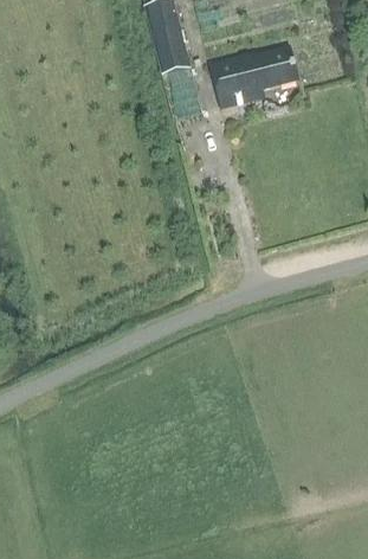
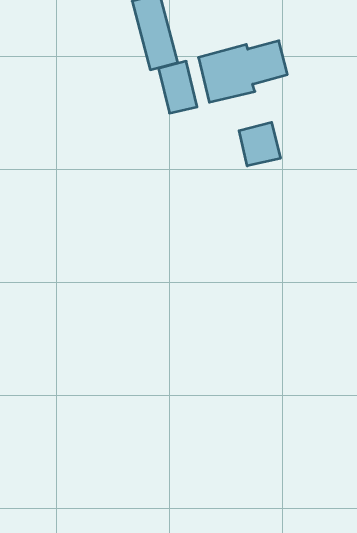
building: none -> [239,122,280,166]

